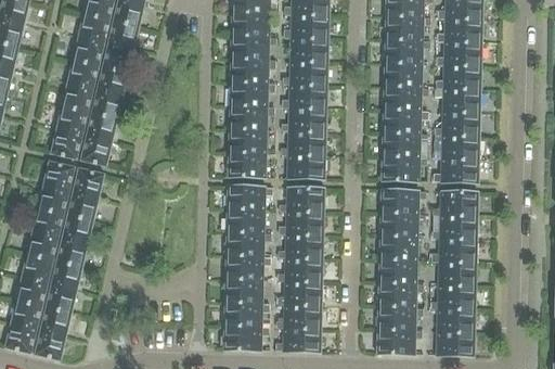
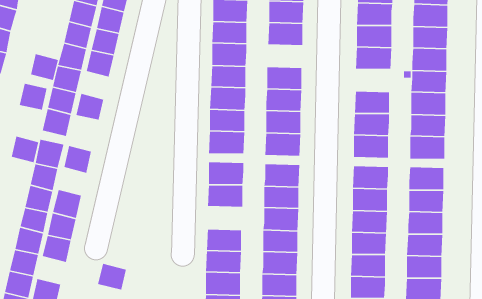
building: [288,62,327,86] -> none
building: [383,88,421,112] -> none
building: [91,90,121,119] -> [30,53,59,81]
building: [80,137,111,166] -> [19,83,48,111]
building: [67,192,98,221] -> [11,136,39,163]
building: [225,233,263,258] -> none
building: [44,287,76,316] -> [97,263,127,291]

